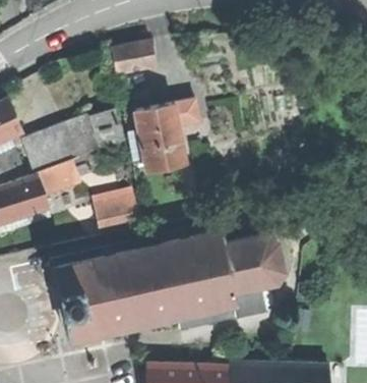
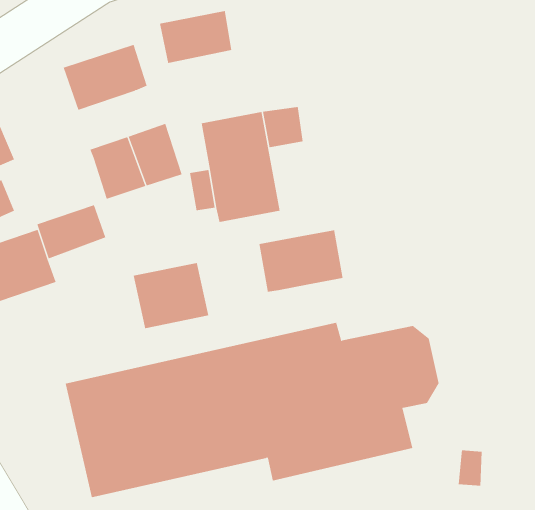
building: [26,130,78,171] -> [63,44,147,111]
building: none -> [259,229,343,292]

